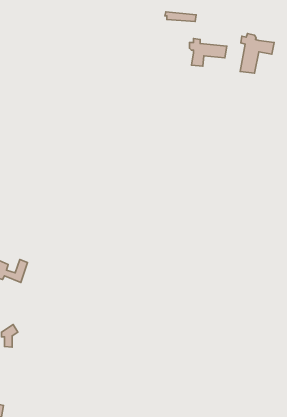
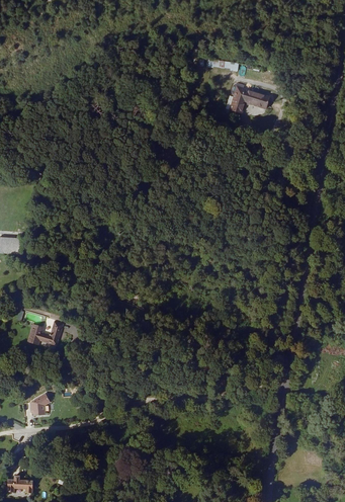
building: [240,33,274,73] -> none

